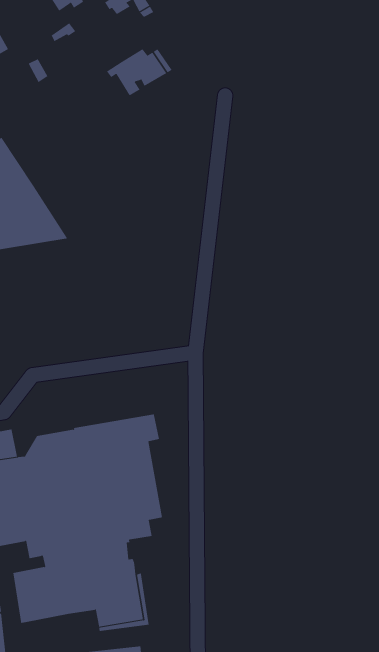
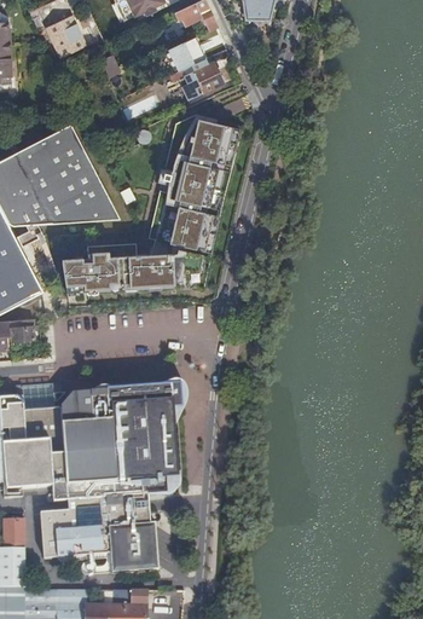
building: none -> [173,36,204,66]
building: none -> [62,120,234,294]

